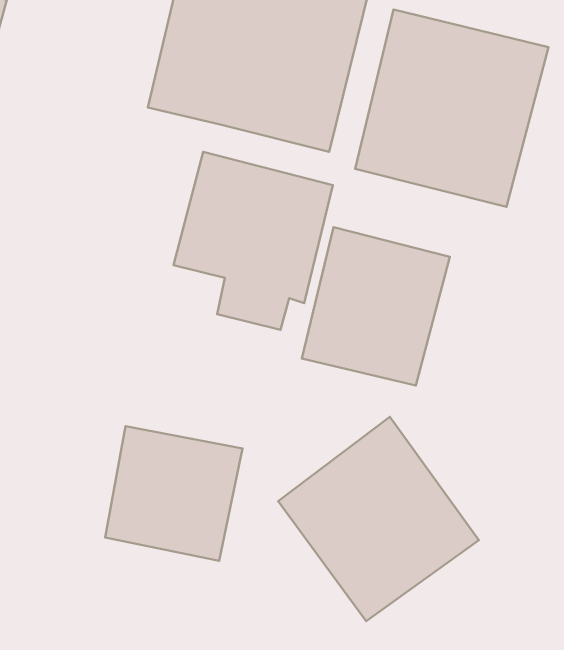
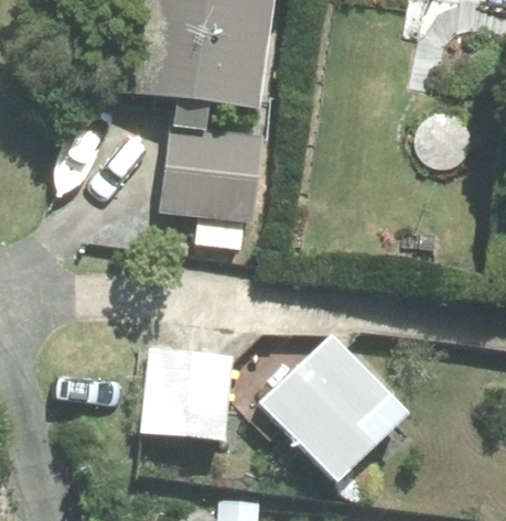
building: [355,10,548,207] -> none
building: [302,227,450,386] -> none

